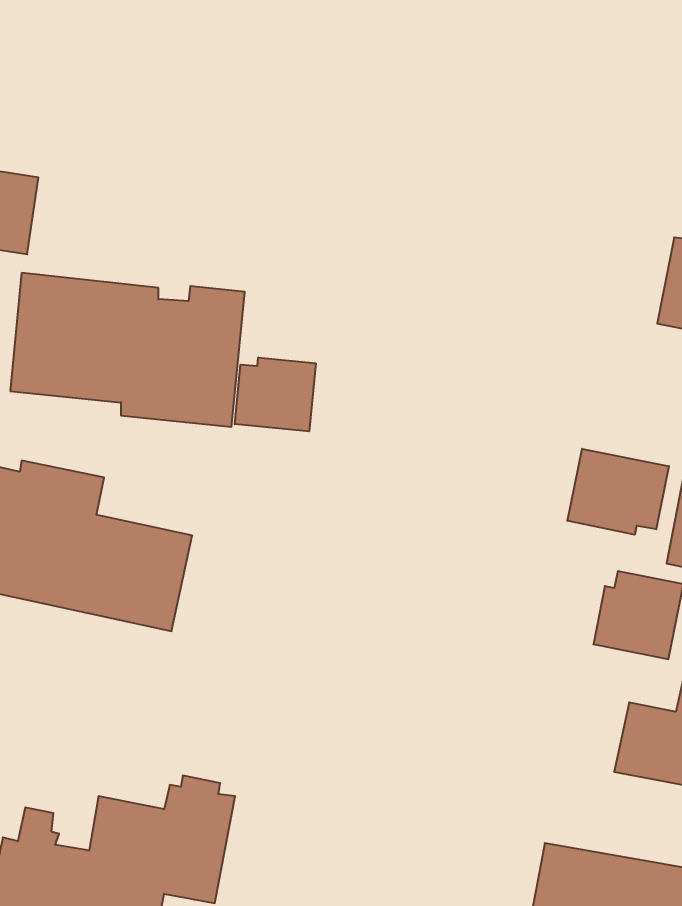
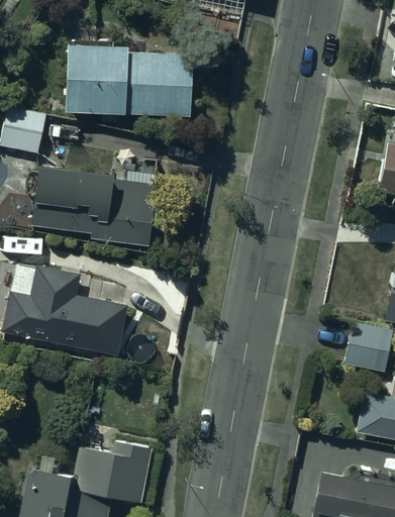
building: none -> [63,39,193,118]
building: [235,357,316,431] -> none
building: [568,449,669,535] -> none

